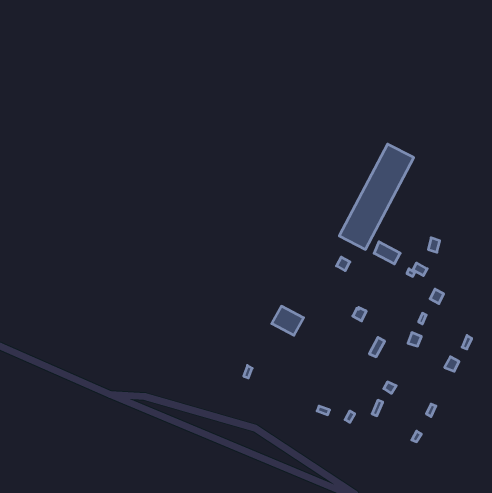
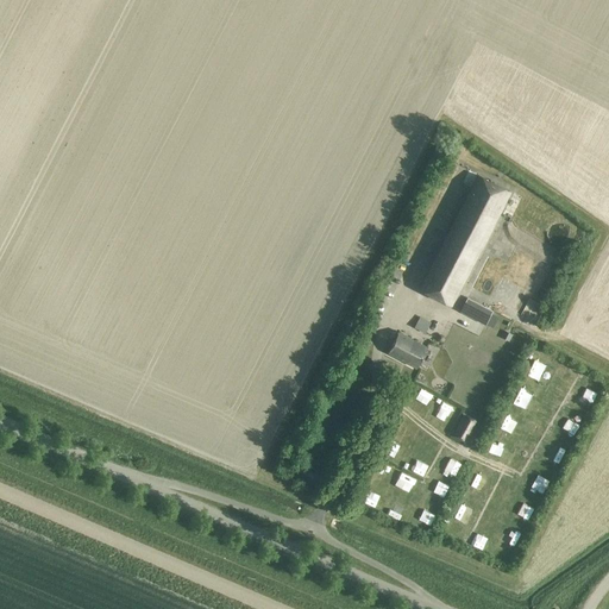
building: [272,306,304,335] -> [389,334,428,370]

